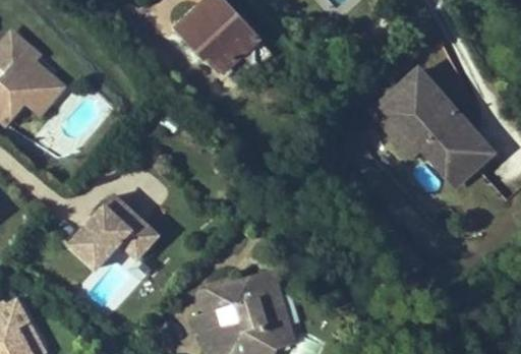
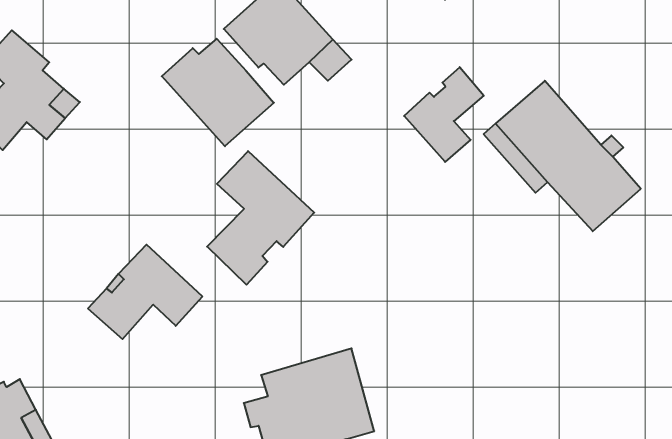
building: none -> [162,39,274,146]
building: none -> [404,67,484,162]
building: none -> [207,151,314,285]

